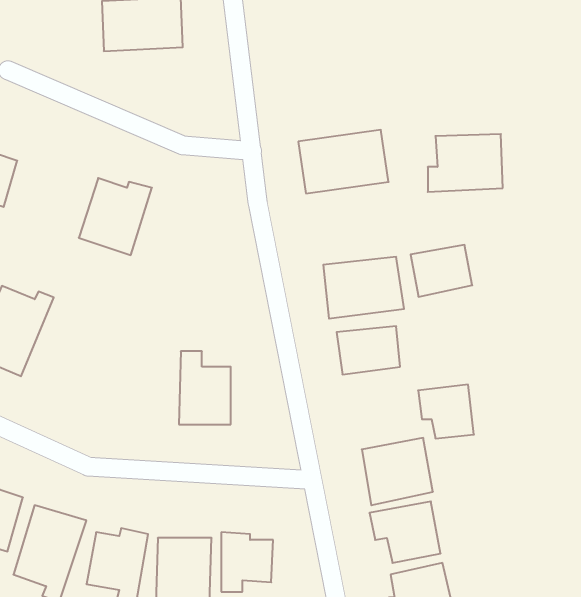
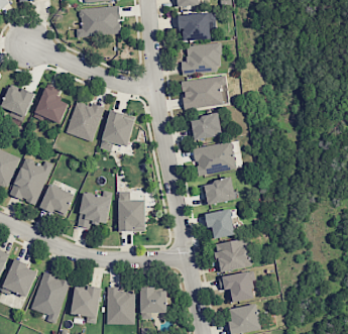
building: none -> [179,12,215,39]
building: [428,134,503,192] -> [182,43,221,74]
building: none -> [34,85,68,125]
building: none -> [100,110,135,150]
building: [411,245,472,297] -> [190,113,222,140]
building: none -> [39,183,75,217]
building: none -> [77,192,111,228]
building: [418,385,474,438] -> [205,209,234,237]

